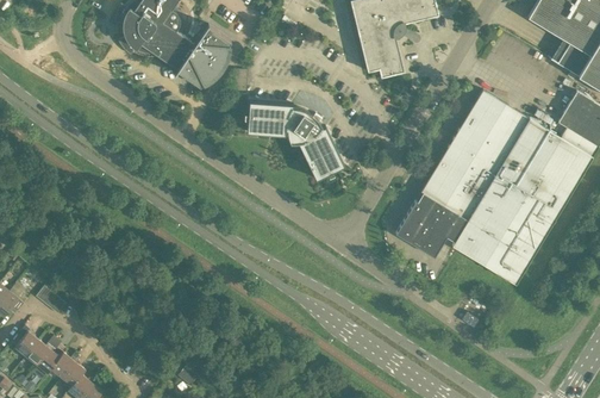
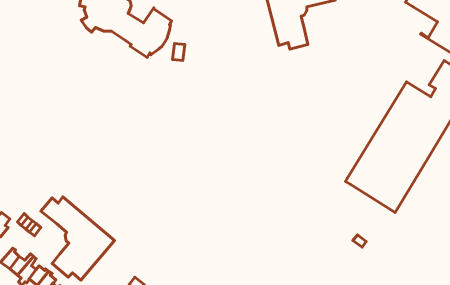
building: [394,89,529,257] -> none
building: [244,100,344,179] -> none
building: none -> [41,197,115,280]

